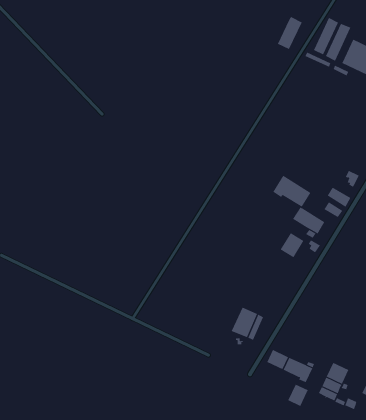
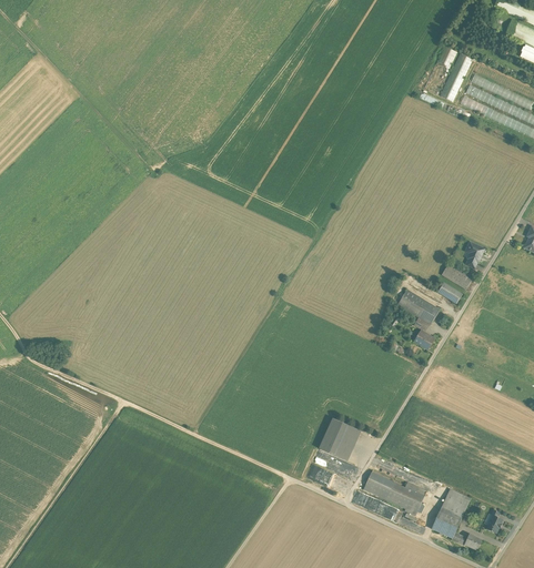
building: [277,16,302,50] -> none
building: [272,175,311,208] -> none
building: [280,232,304,258] -> none
building: [288,384,308,407] -> none

